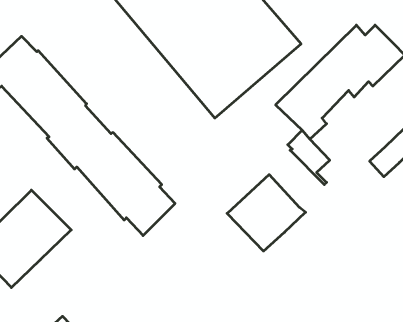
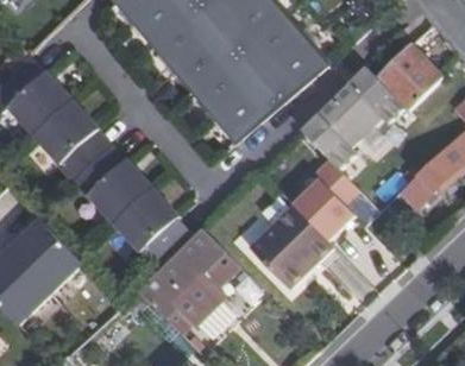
building: none -> [294,179,354,241]
building: none -> [139,229,238,332]

